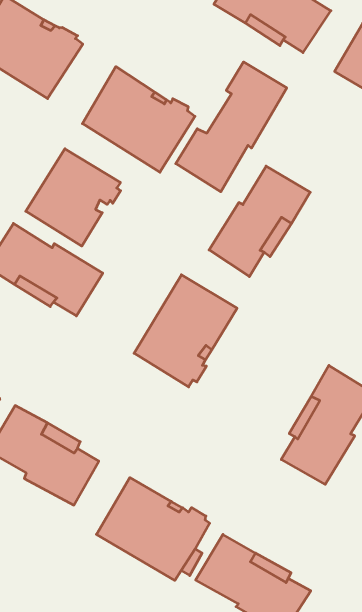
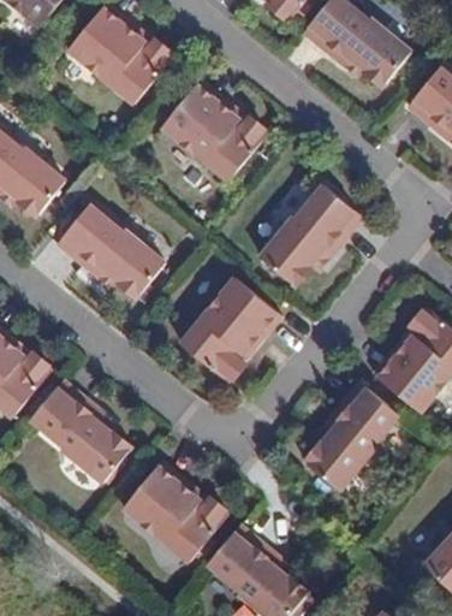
building: [176,62,287,192] -> none
building: [26,149,121,246] -> none

